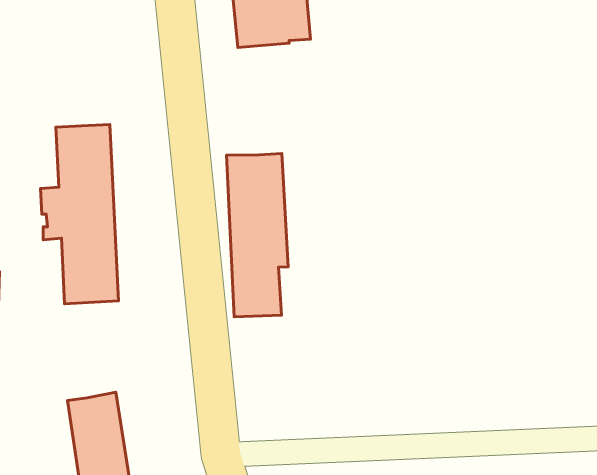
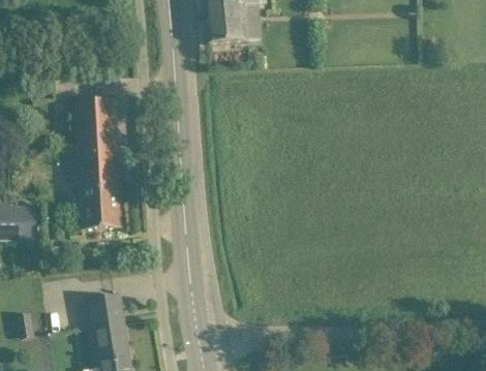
building: [227,153,288,317] -> none

